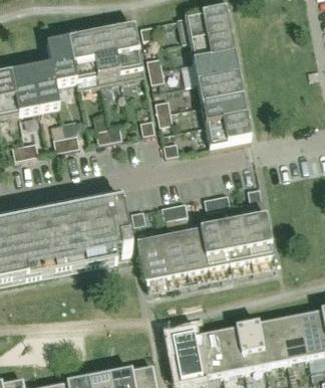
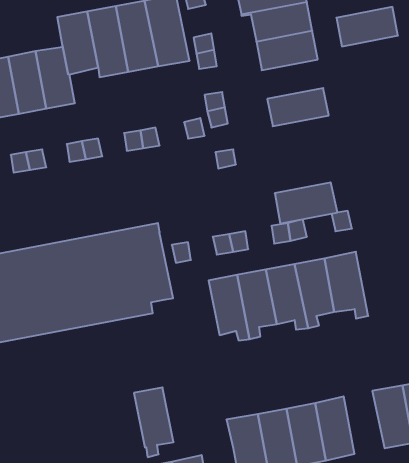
building: [197,72,242,102] -> [336,7,398,46]
building: [205,114,251,144] -> [275,182,338,223]
building: [136,235,166,286] -> [134,387,174,457]
building: [257,317,287,363] -> none

